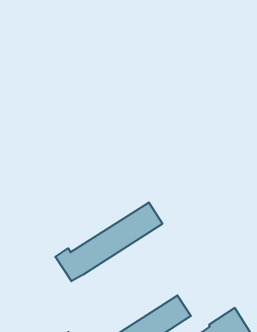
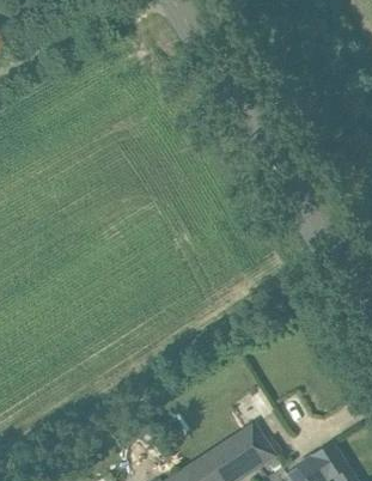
building: [55,202,162,281] -> none

